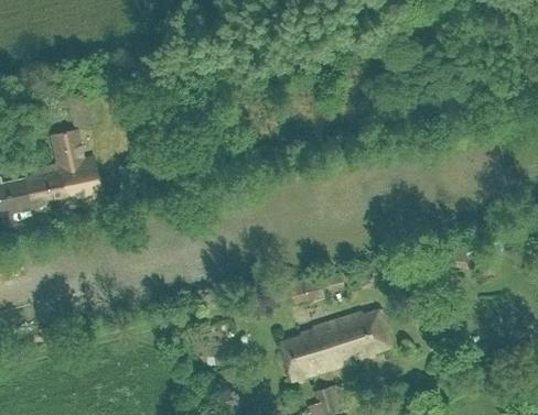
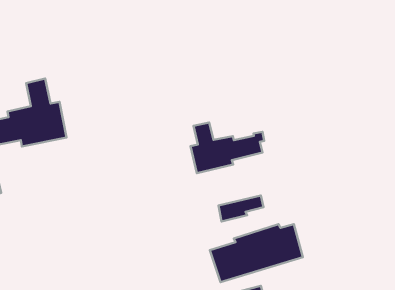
building: none -> [190,123,264,173]

